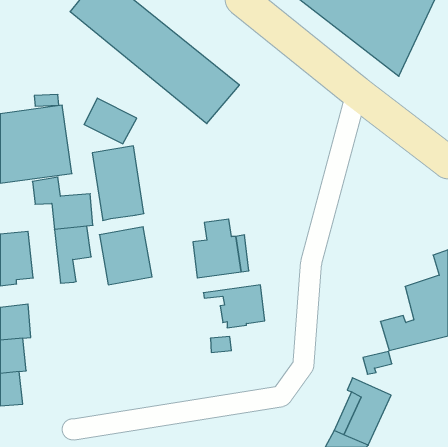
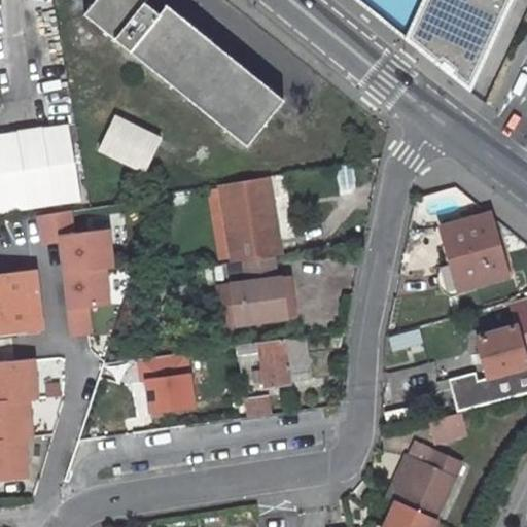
building: [92,146,144,220] -> [218,176,279,264]
building: none -> [444,213,506,288]
building: [99,227,152,285] -> [140,350,202,418]

